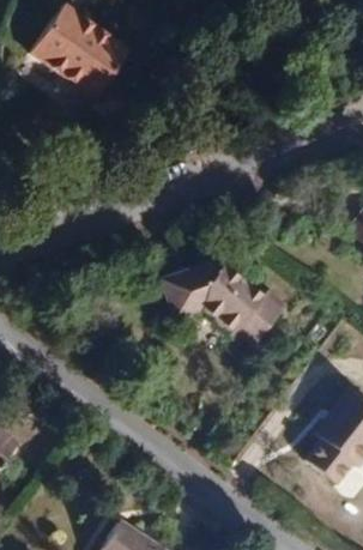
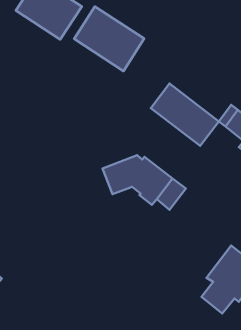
building: none -> [74,7,144,71]
building: none -> [151,84,219,146]

